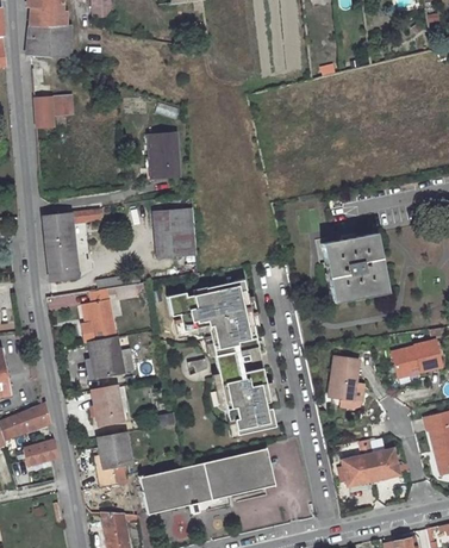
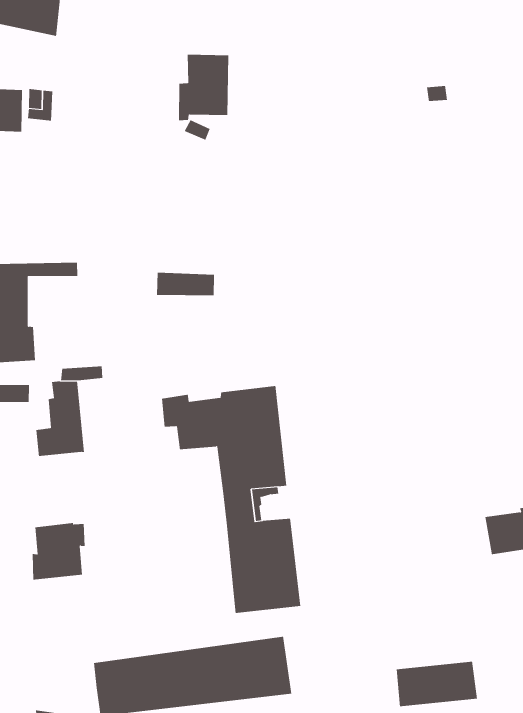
building: [143,131,179,179] -> [178,54,229,121]
building: [155,222,197,254] -> none
building: [322,231,386,300] -> none
building: [87,336,123,376] -> none
building: [329,354,364,405] -> none
building: [95,430,132,487] -> none

